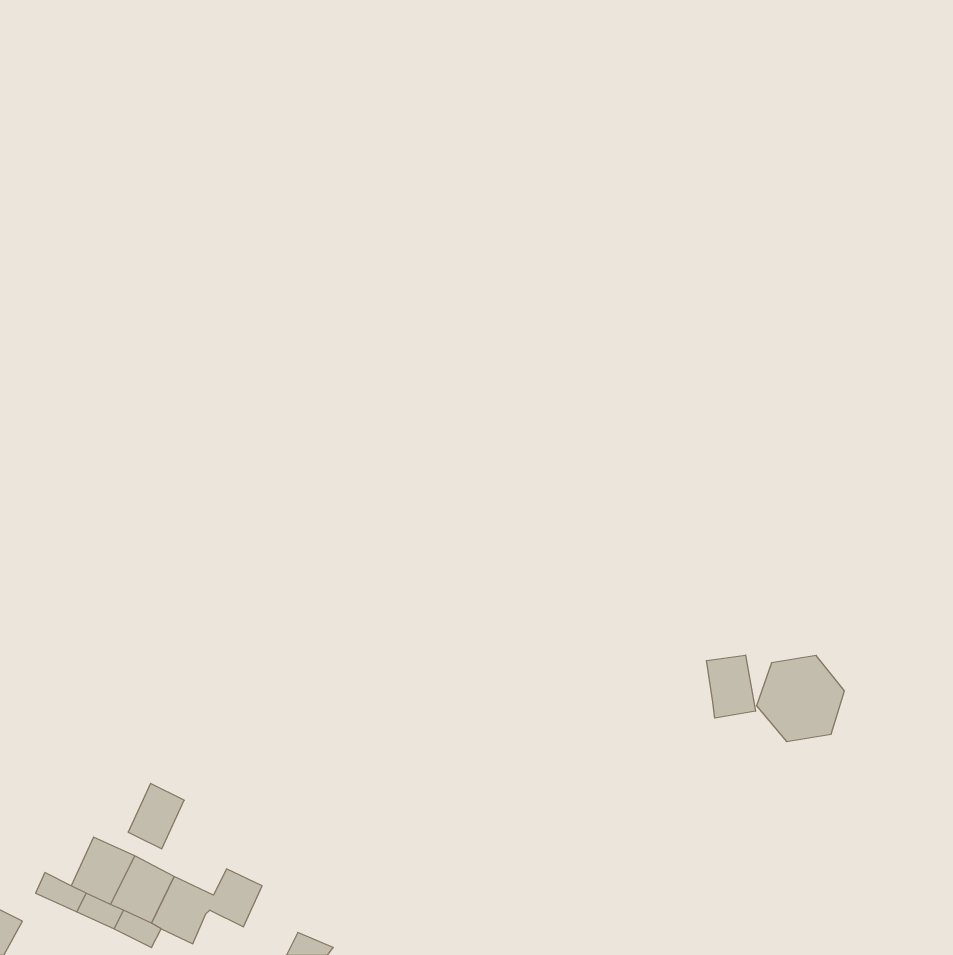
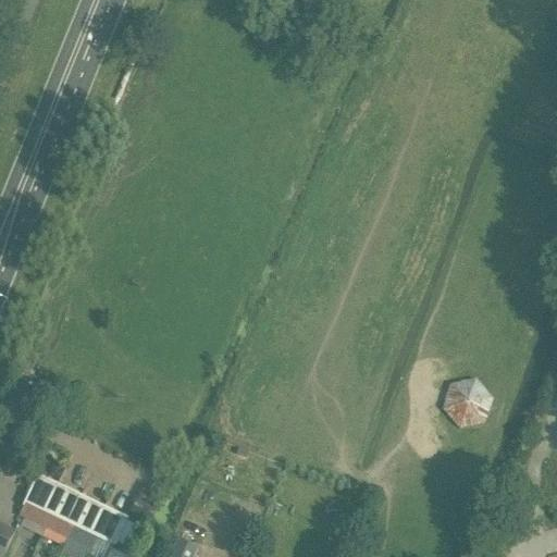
building: [706,655,756,718] -> none
building: [128,783,184,849] -> [22,476,54,515]

